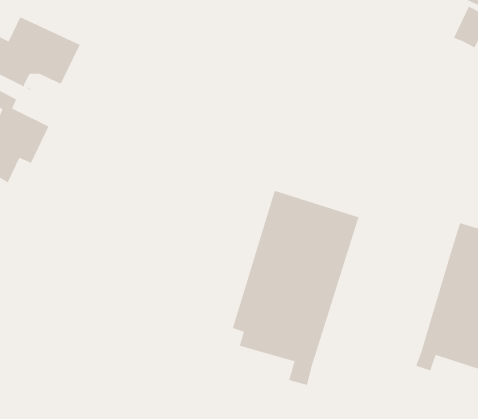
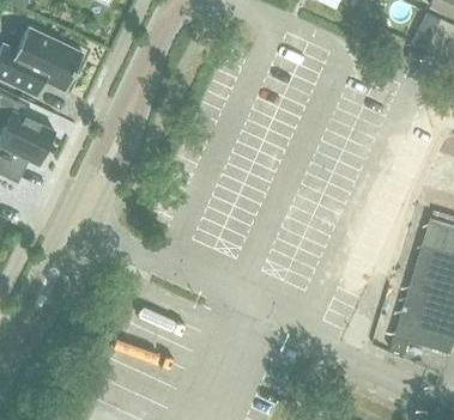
building: [232,190,359,386] -> none

